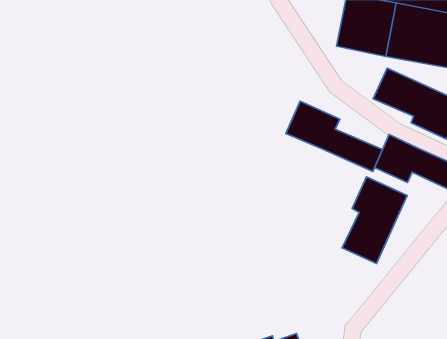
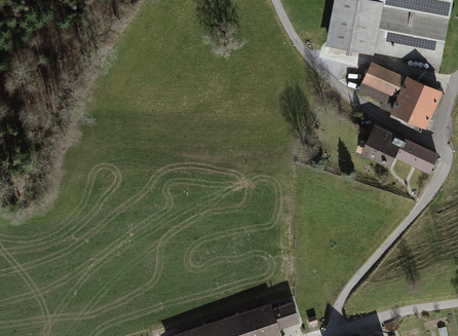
building: [286,101,383,172] -> none
building: [342,177,407,264] -> none

